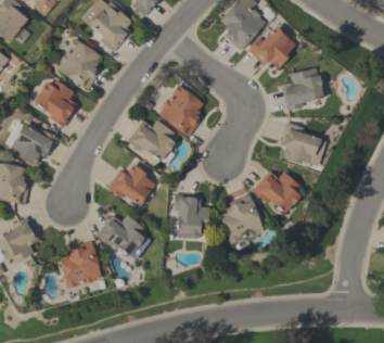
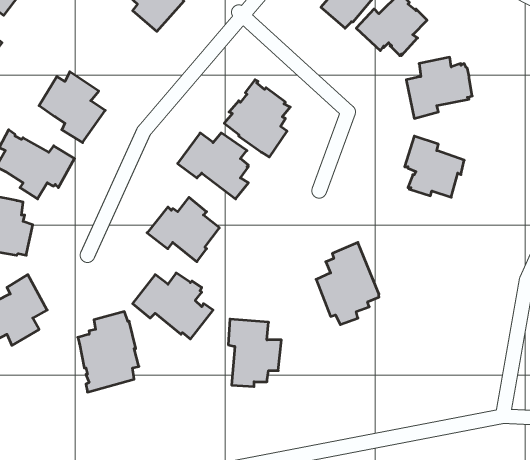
building: [56,38,100,89] -> none
building: [252,170,300,214] -> none
building: [174,193,209,239] -> [228,319,281,387]

